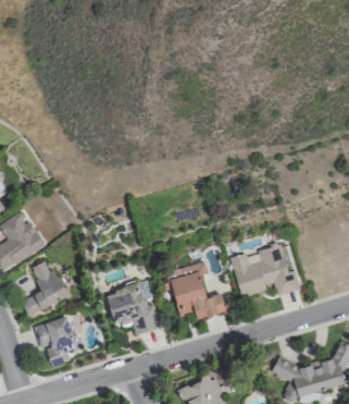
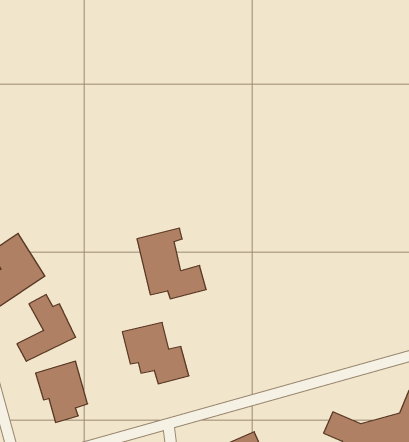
building: [232,245,301,296] -> none
building: [171,262,227,320] -> [137,228,206,299]

